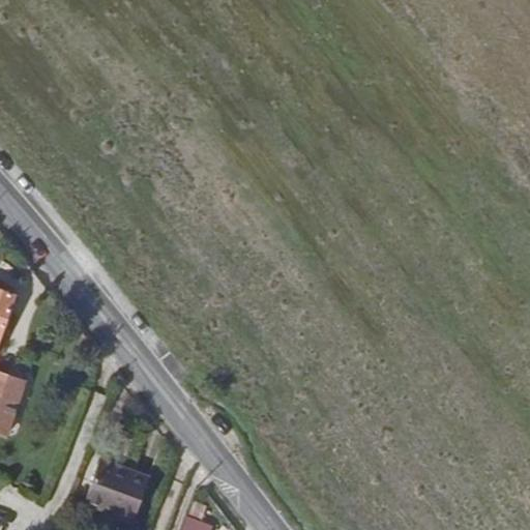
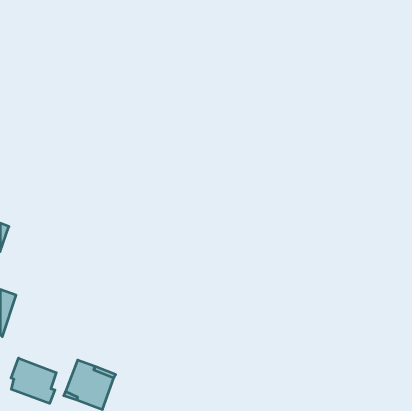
building: none -> [11,358,56,403]

